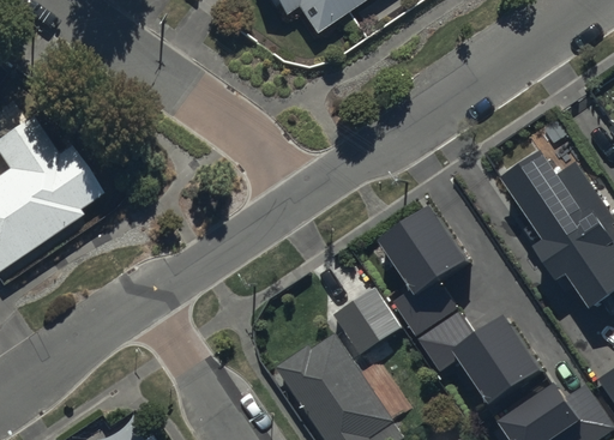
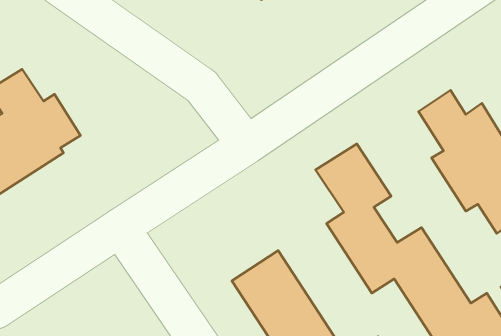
building: [336,285,408,360] -> none

